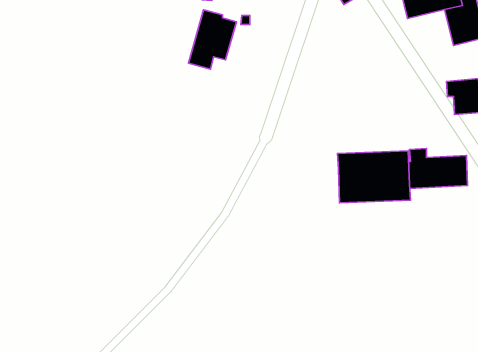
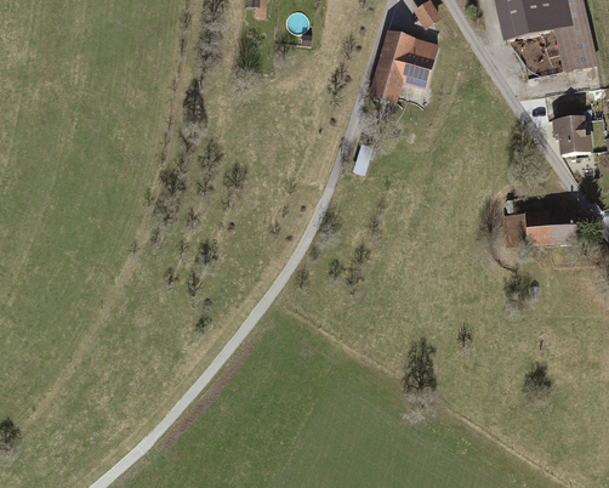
building: [188,10,236,69] -> [369,29,427,101]
building: [337,151,410,203] -> none

